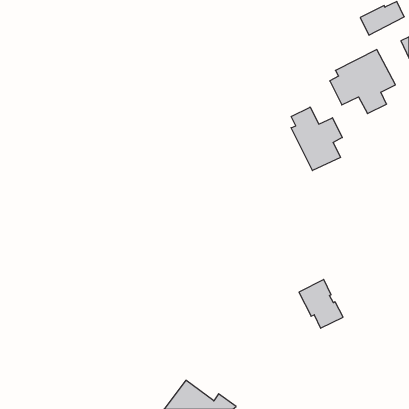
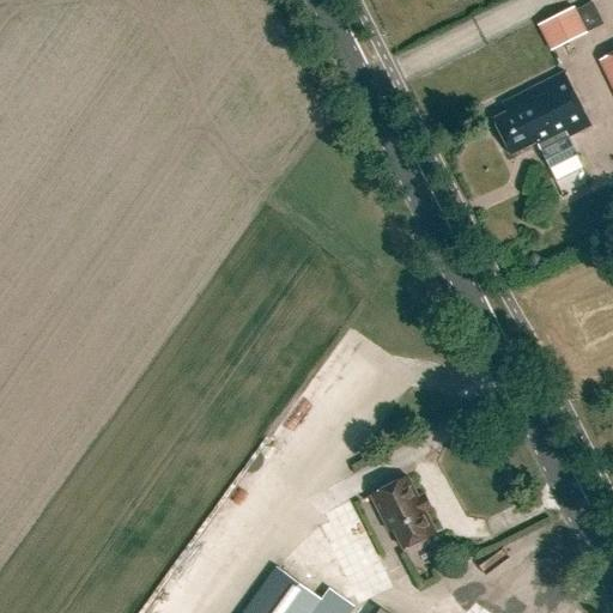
building: [291,107,342,171] -> none
building: [299,279,343,328] -> [371,478,437,551]

